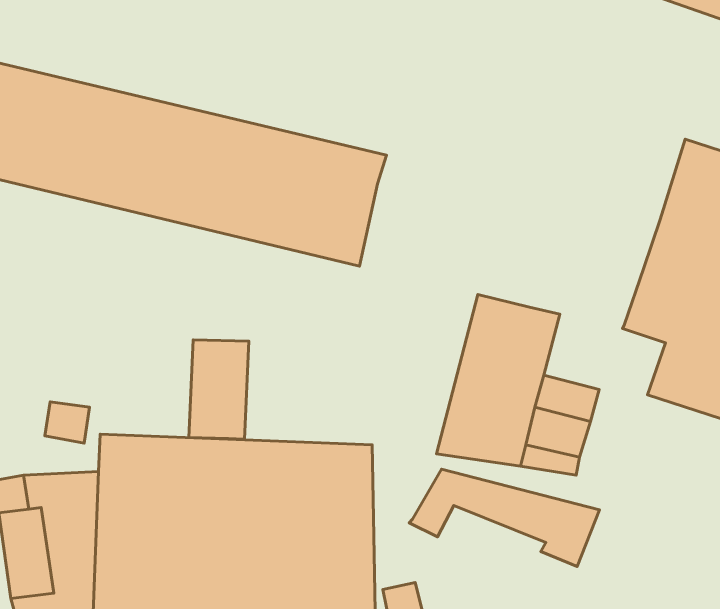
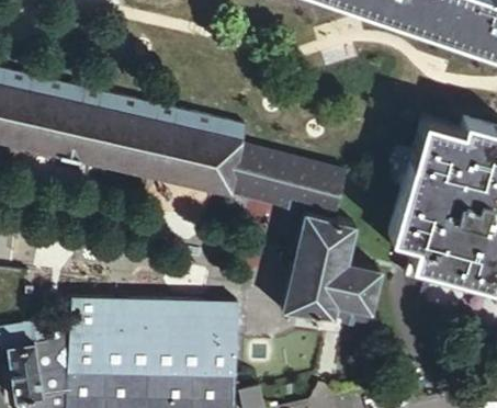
building: none -> [230,145,346,220]
building: [189,340,249,439] -> none
building: [409,469,600,566] -> none

